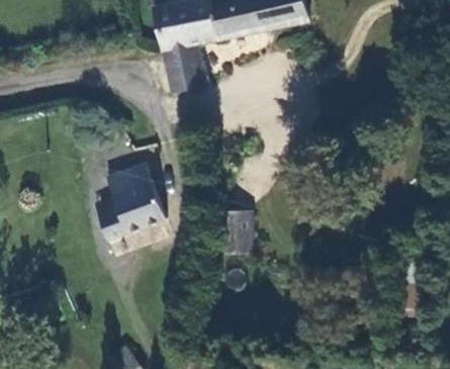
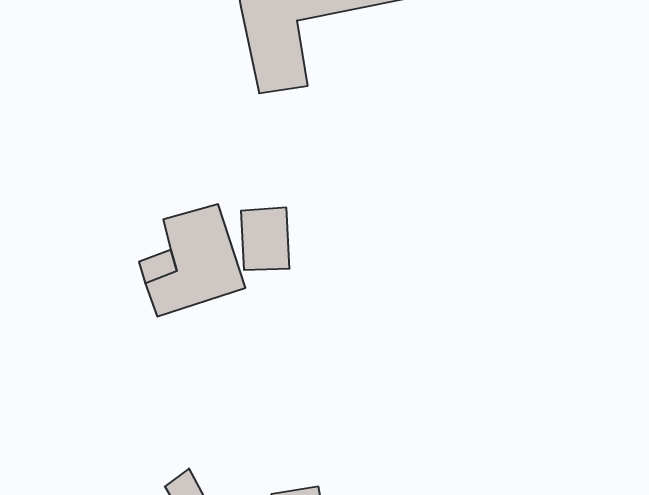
building: [220,212,253,254] -> [241,208,290,270]

